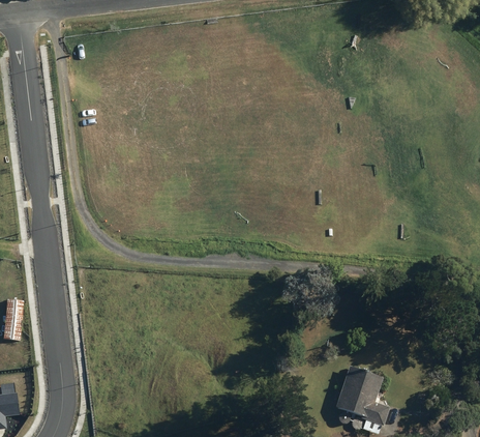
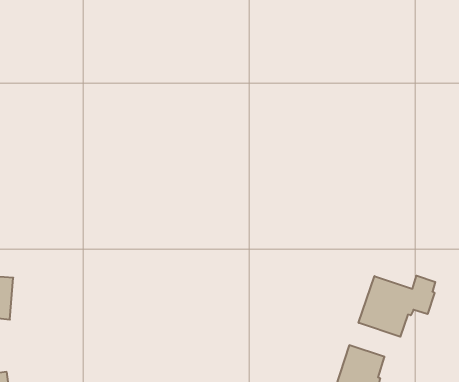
building: none -> [359,276,435,337]

